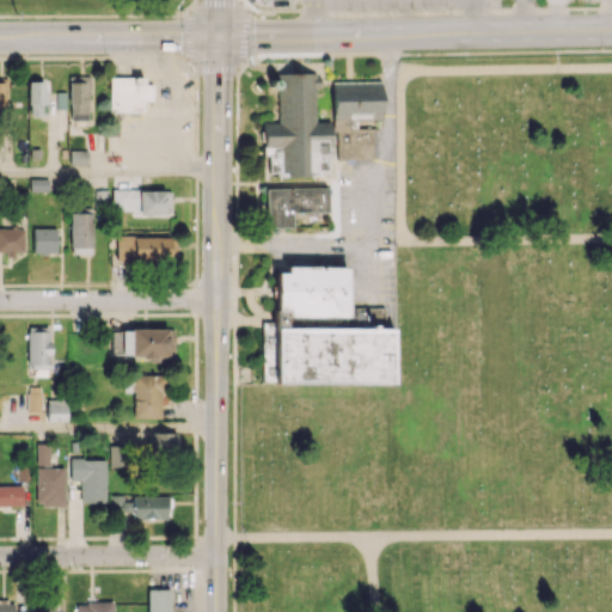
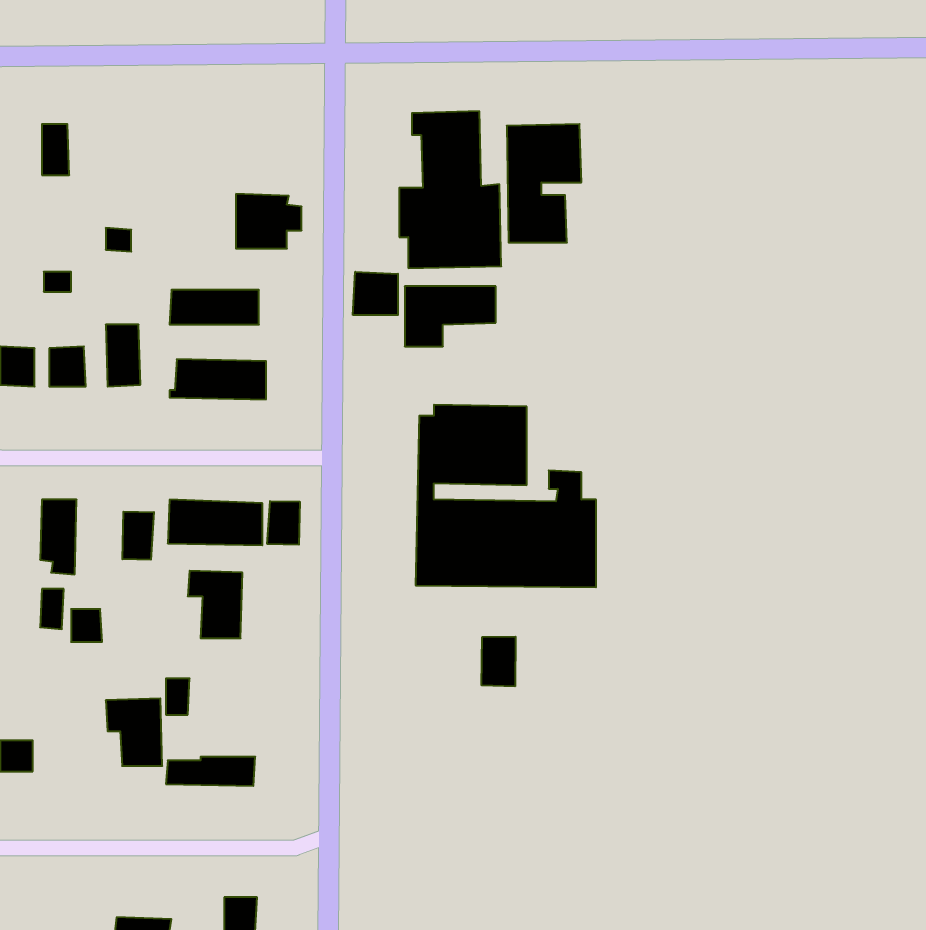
building: [72,76,92,122] -> none
building: [112,78,155,114] -> [236,194,302,249]
building: none -> [353,272,398,315]
building: none -> [267,501,300,545]
building: none -> [122,512,154,560]
building: none -> [482,637,516,686]
building: [152,433,179,455] -> none
building: [38,443,67,507] -> none

